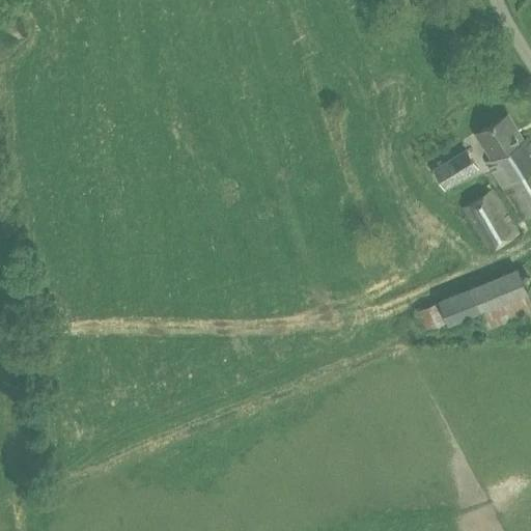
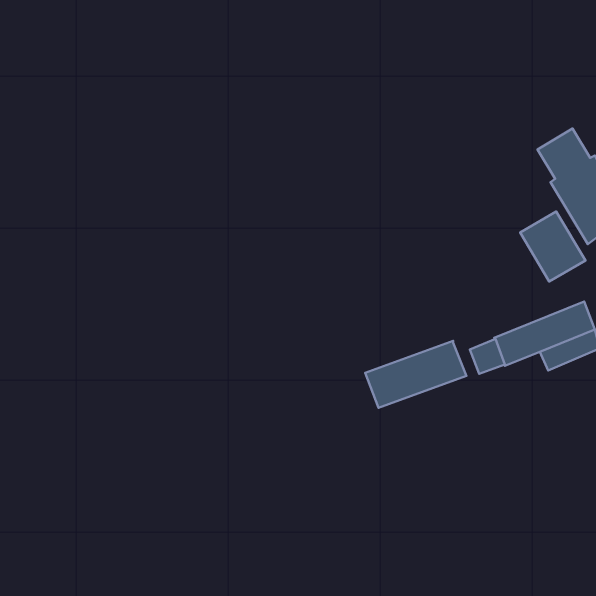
building: [435,149,479,189] -> none
building: none -> [365,341,467,408]

